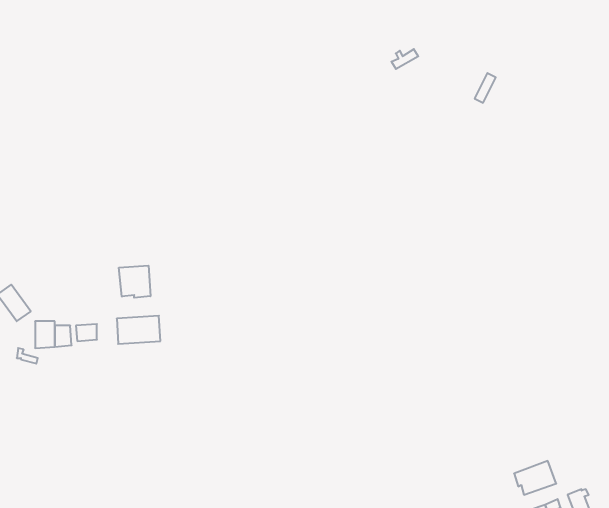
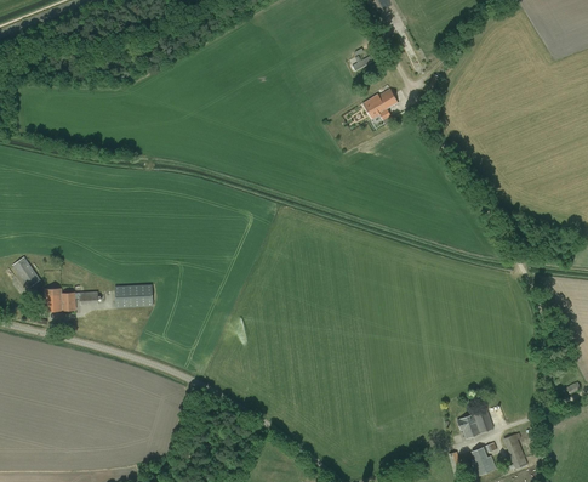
building: none -> [362,89,399,120]
building: [119,266,150,298] -> none

